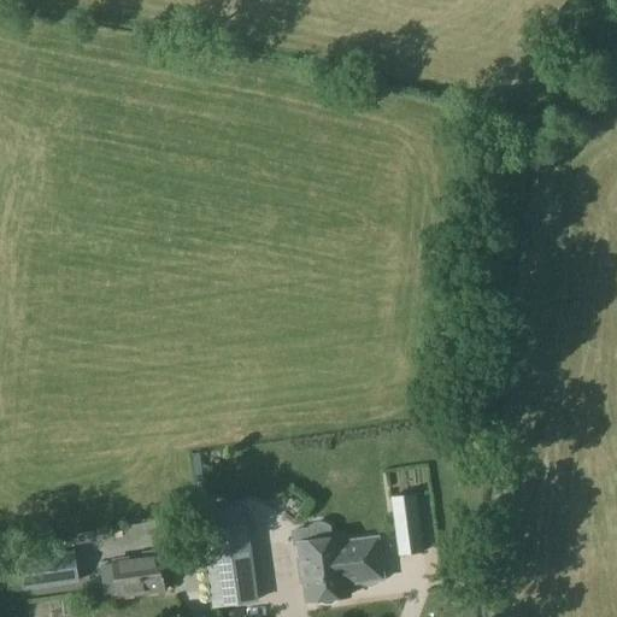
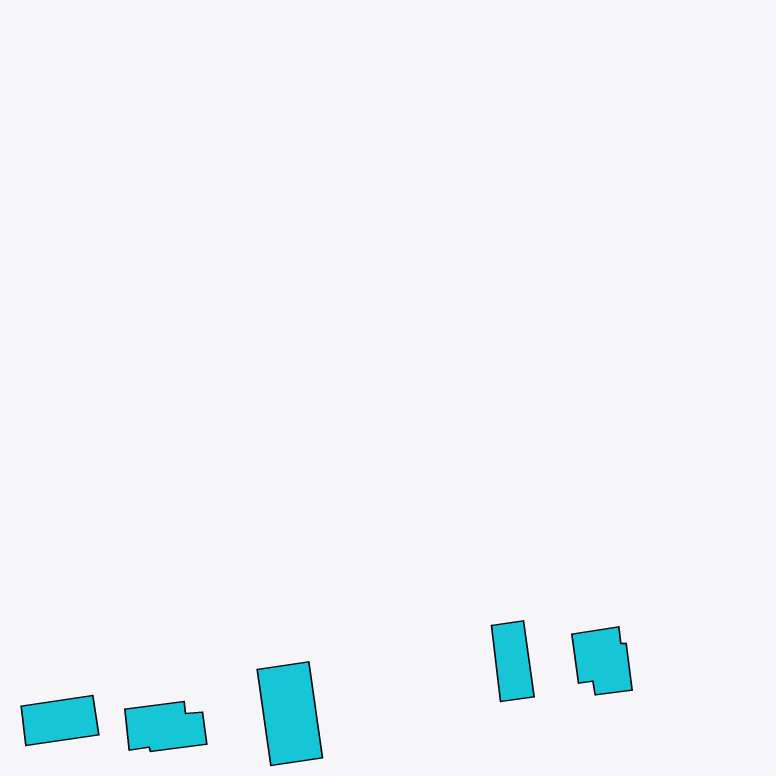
building: none -> [572,627,632,695]
building: [293,523,386,601] -> none

